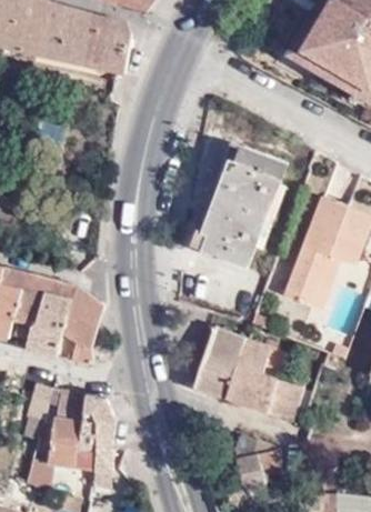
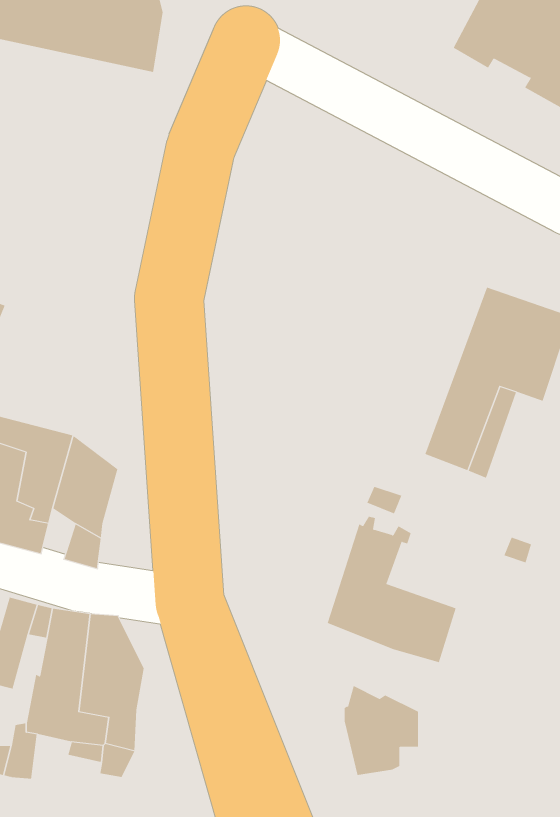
building: [202,145,284,264] -> none
building: [194,322,243,396] -> none

